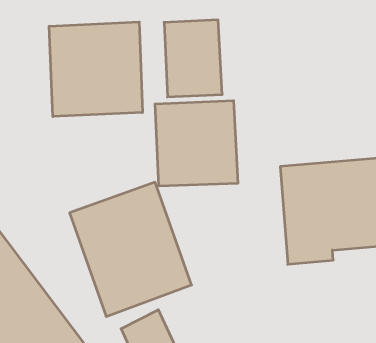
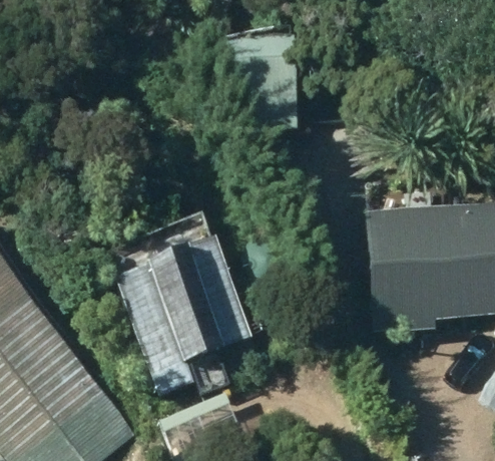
building: [49,22,142,117] -> none
building: [155,101,238,186] -> none

